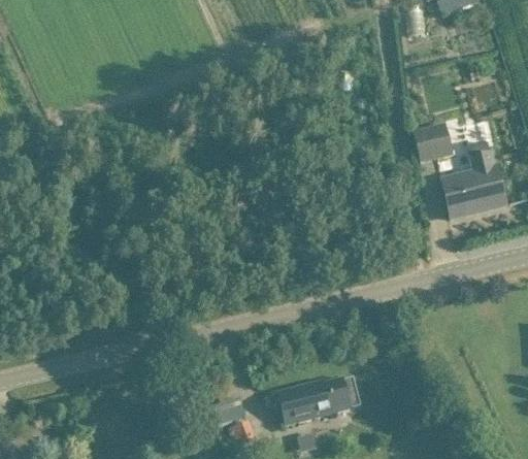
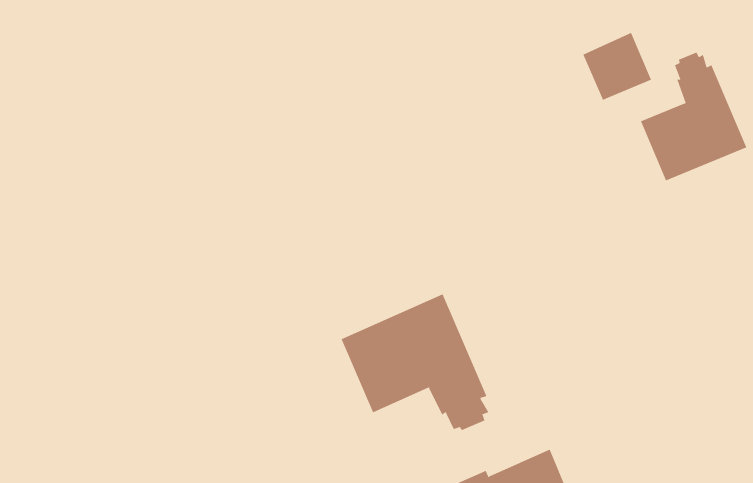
building: none -> [341,293,489,431]

